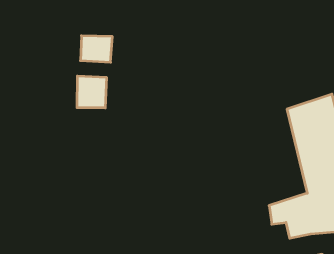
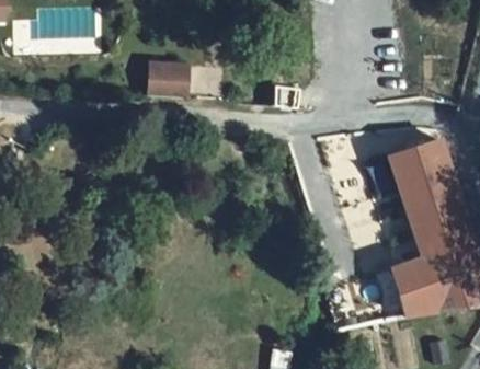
building: [77,76,106,108] -> none

